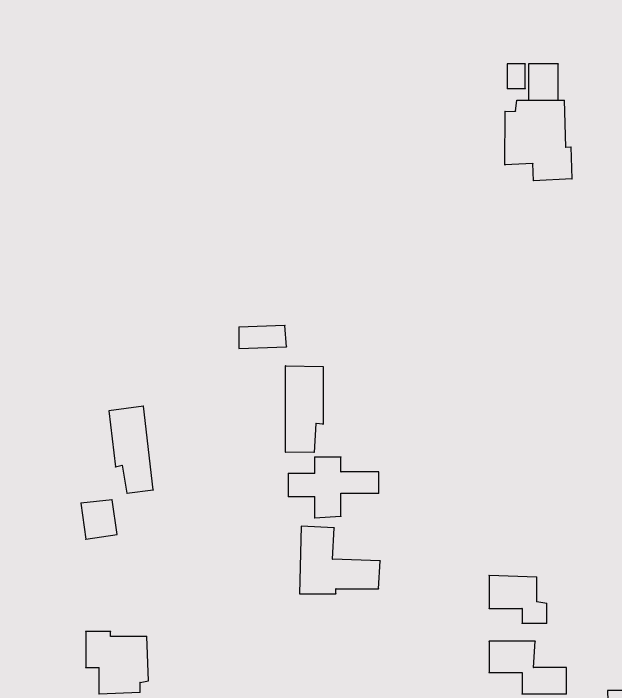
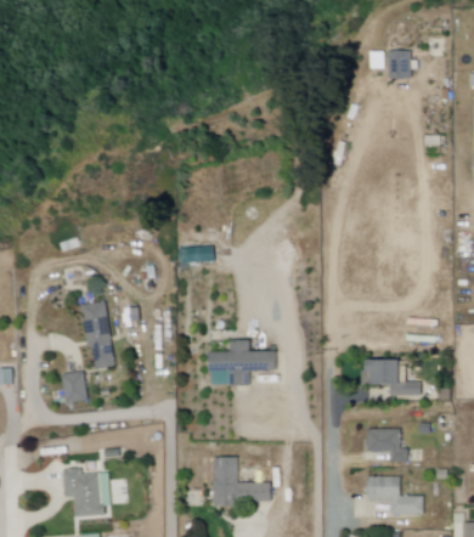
building: [505,100,572,181] -> none
building: [286,366,323,452] -> none
building: none -> [357,361,417,396]
building: [300,526,380,594] -> [214,457,273,507]

